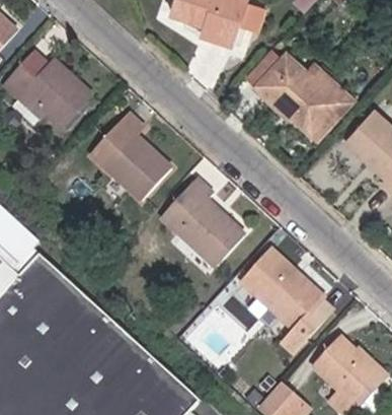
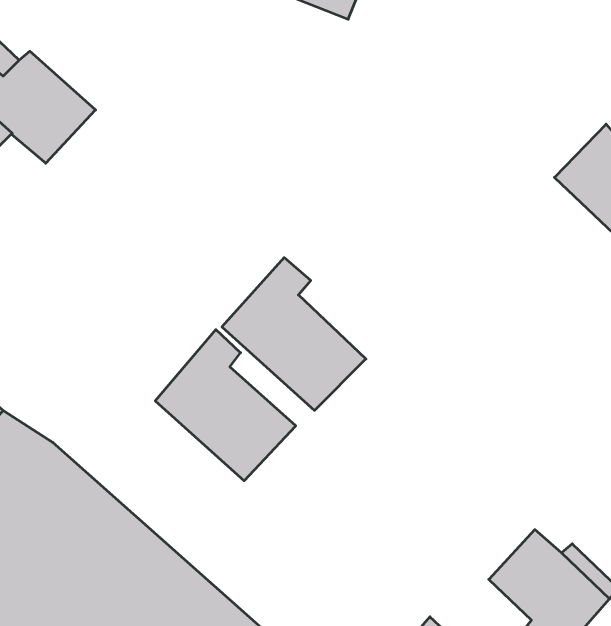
building: [257,50,338,129] -> none
building: [91,114,171,200] -> [155,330,296,481]
building: [244,252,332,353] -> none

